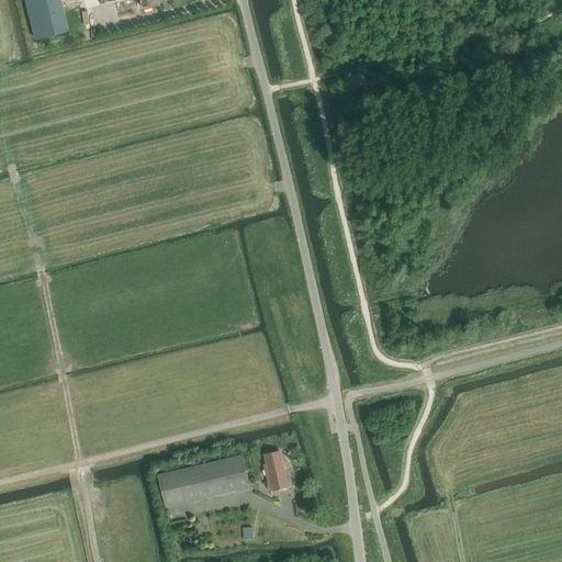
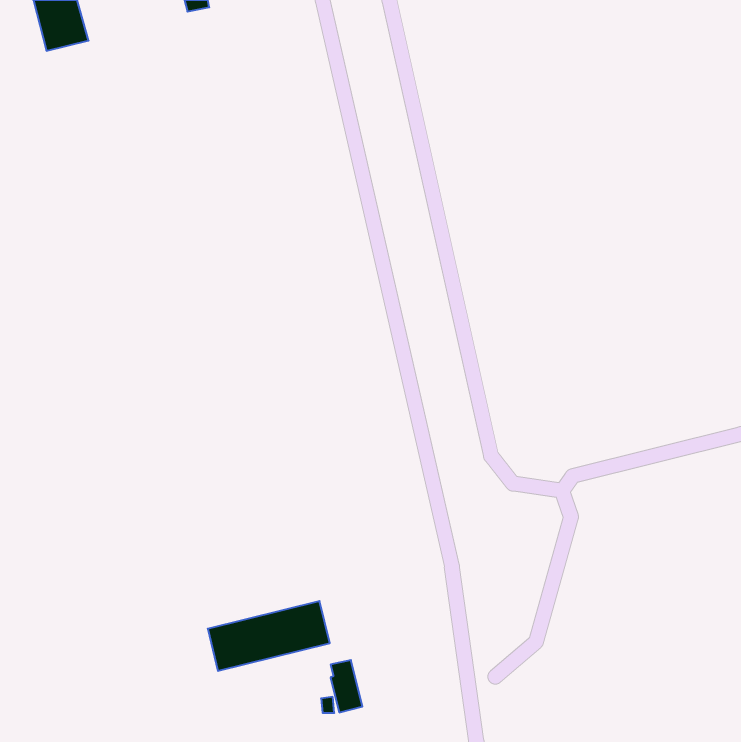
building: [263,451,288,491] -> [331,660,362,712]

